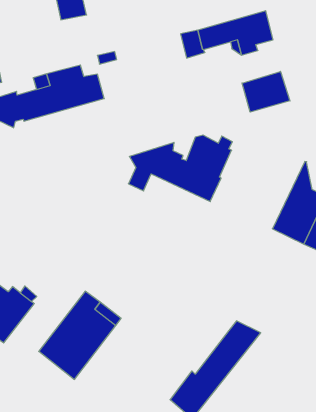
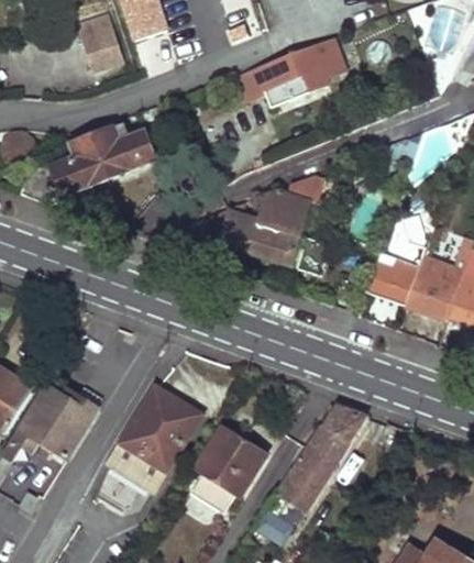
building: [242,71,290,112] -> none
building: none -> [192,429,265,508]

